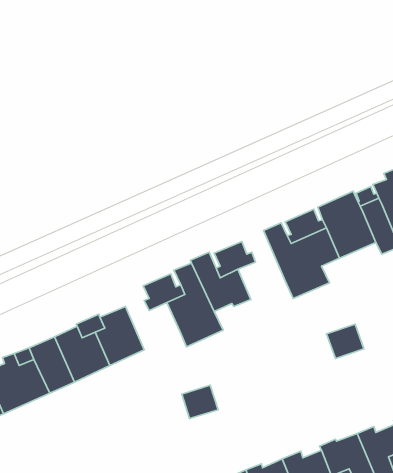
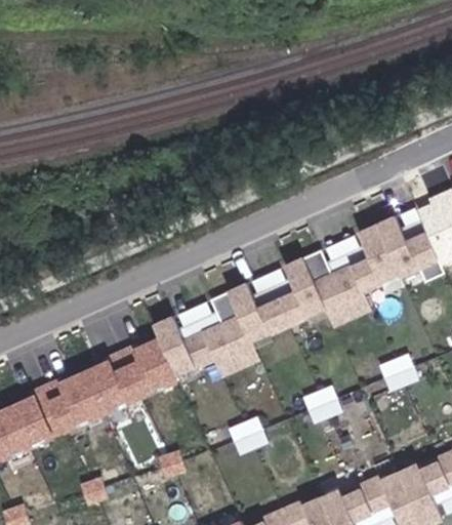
building: none -> [285,253,334,325]
building: none -> [162,310,224,381]
building: none -> [300,382,339,419]

